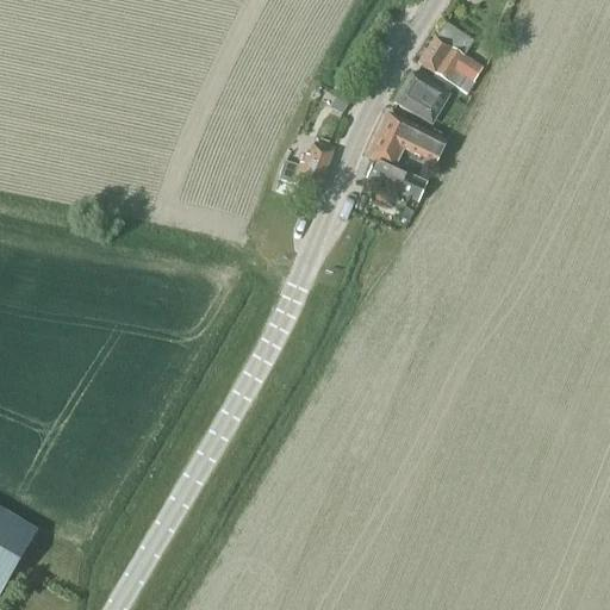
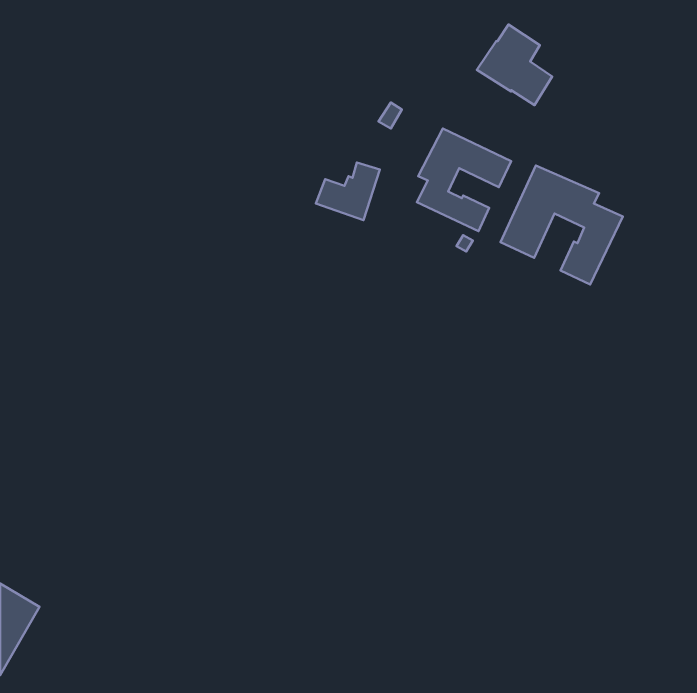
building: [392,71,453,123] -> none
building: none -> [501,166,623,285]

